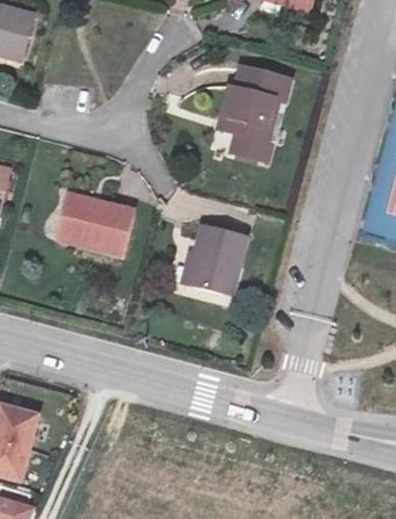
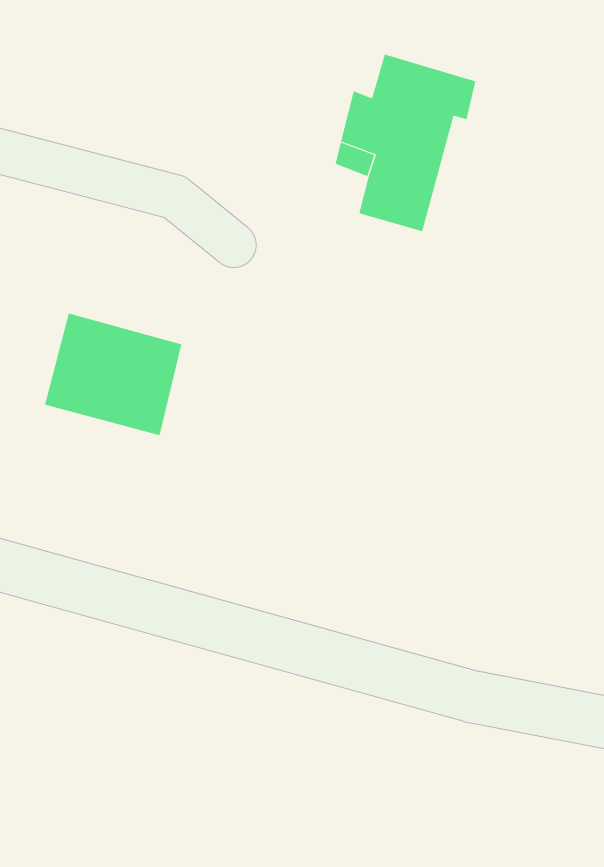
building: [188,229,245,301] -> none

